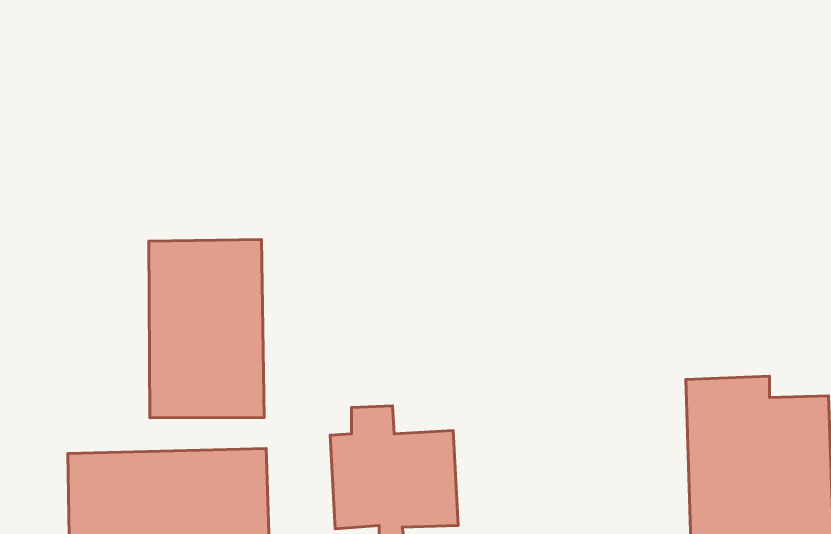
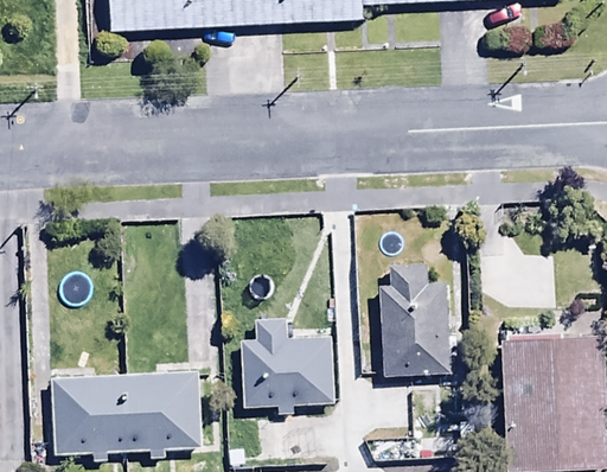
building: [149,239,264,418] -> none
building: none -> [379,256,462,376]

